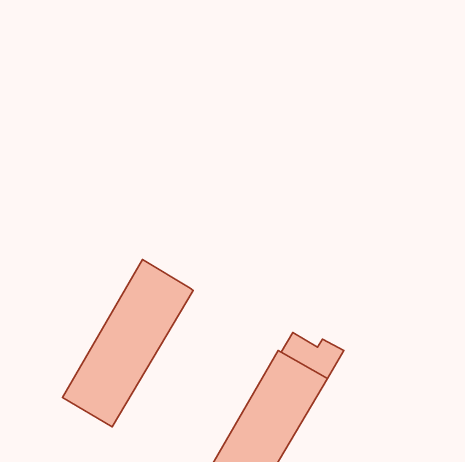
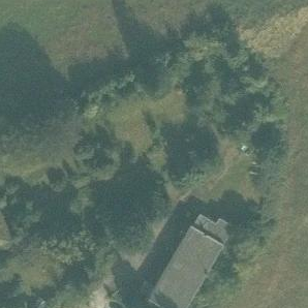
building: [62,260,193,427] -> none

